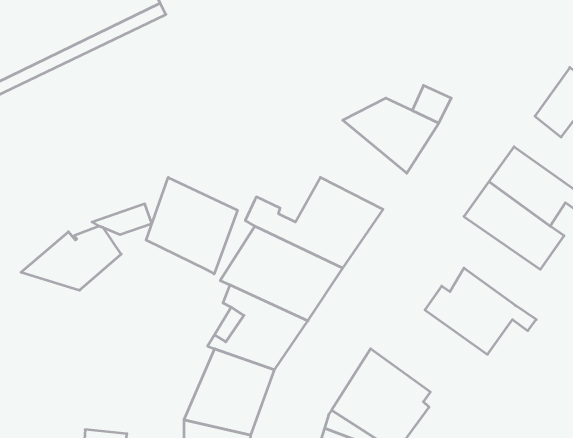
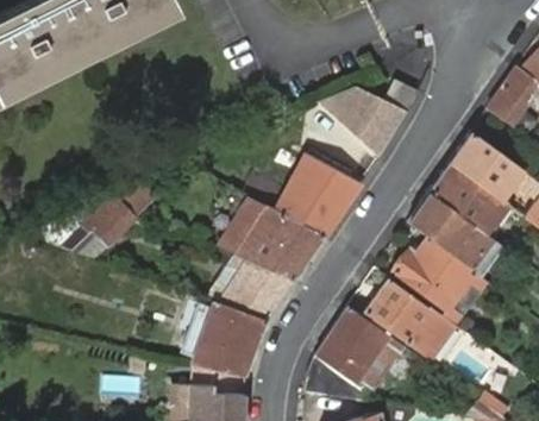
building: [146,177,237,274] -> none
building: none -> [406,193,508,281]
building: none -> [366,282,458,363]

